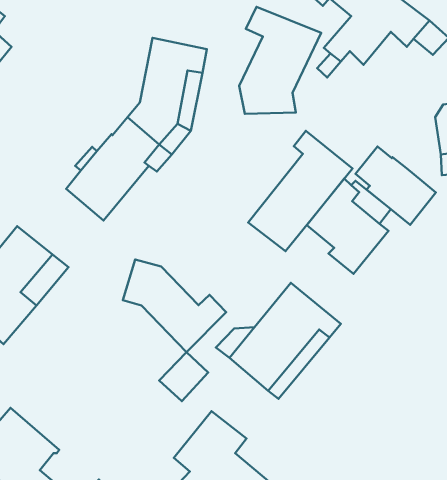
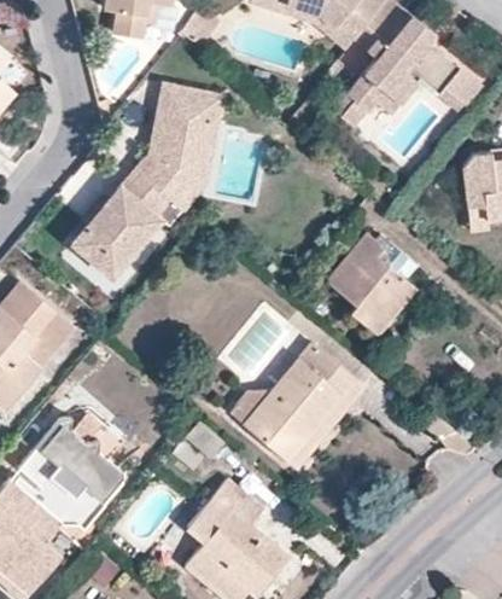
building: [239,7,321,114] -> none
building: [248,131,352,251] -> none
building: [356,146,436,225] -> none
building: [123,260,226,352] -> none
building: none -> [12,421,121,529]

